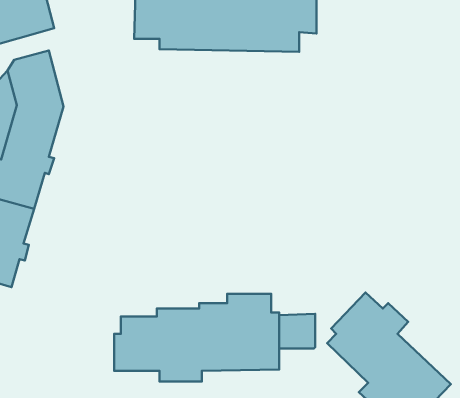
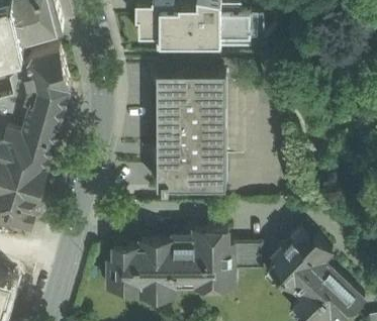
building: none -> [158,76,227,192]

